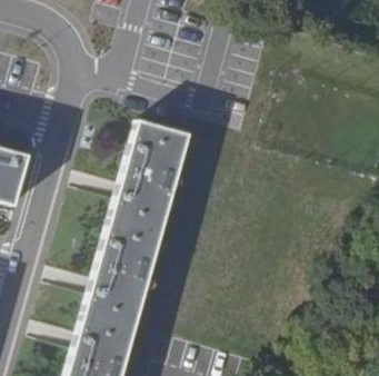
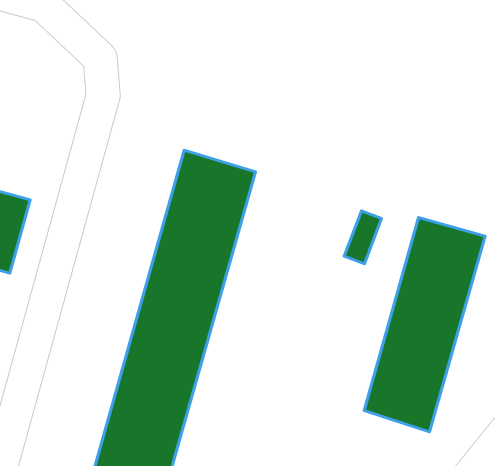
building: none -> [364,217,485,432]

